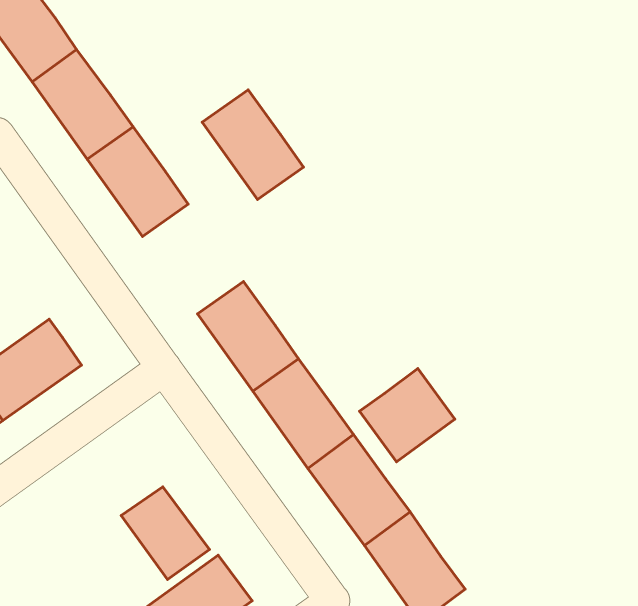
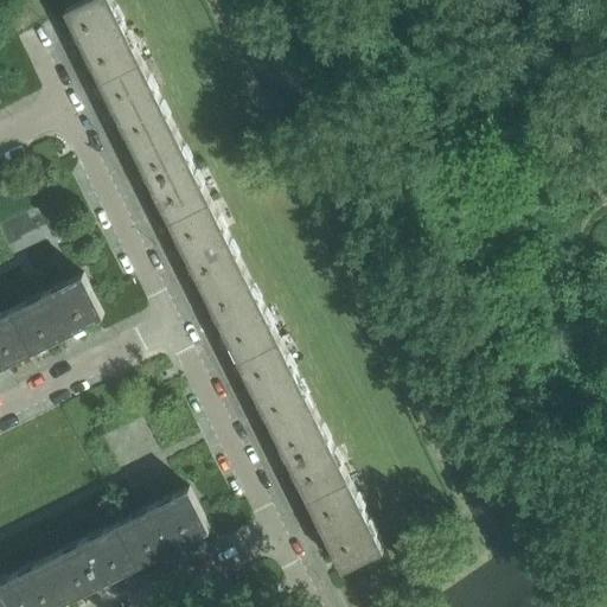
building: [202,90,303,200] -> [166,205,242,295]
building: [360,368,455,462] -> none
building: [121,487,210,579] -> none

